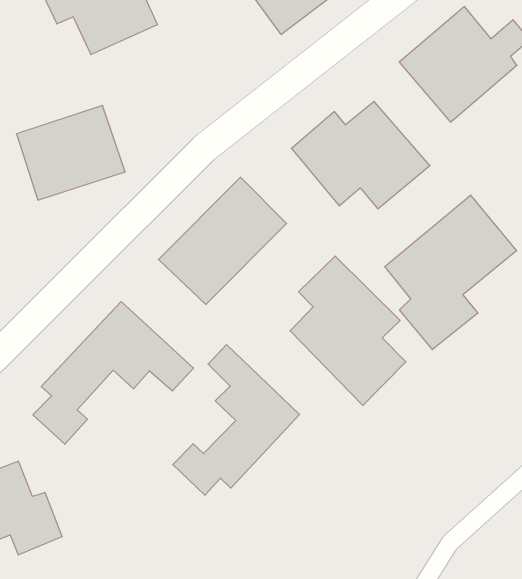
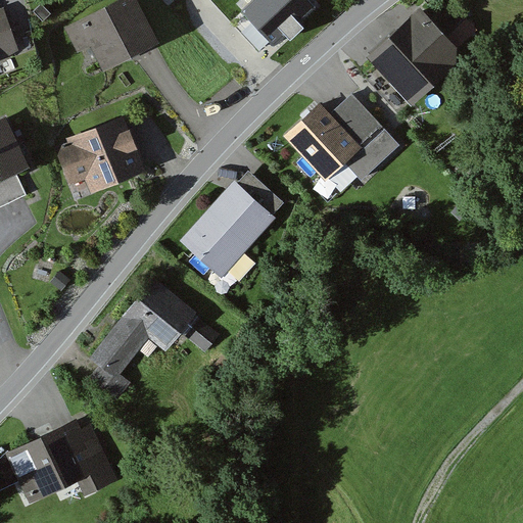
building: [385,195,517,350] -> none
building: [290,256,406,405] -> none
building: [173,345,300,495] -> none

